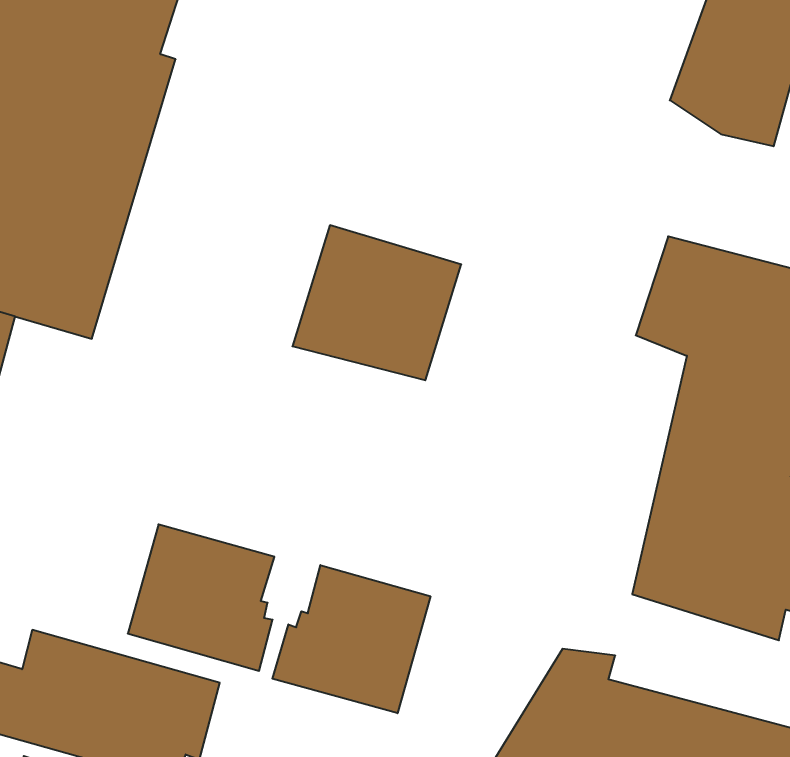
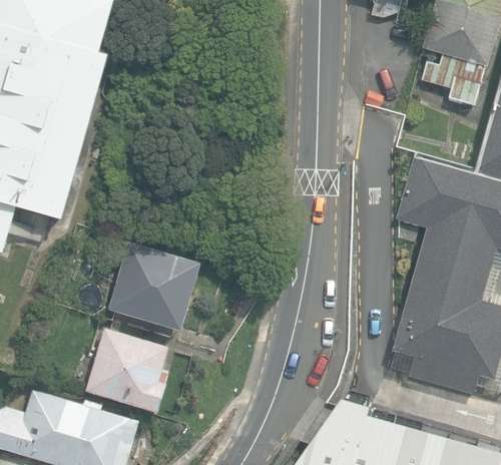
building: [292,225,461,380] -> [107,238,206,329]
building: [272,565,430,713] -> none

